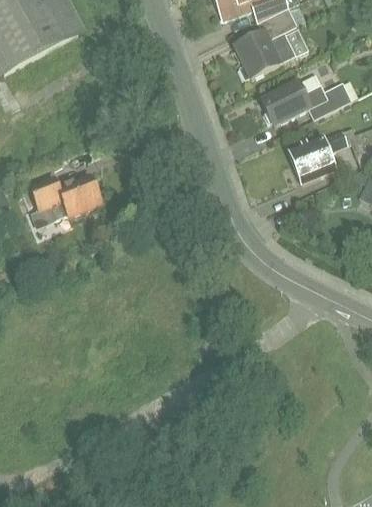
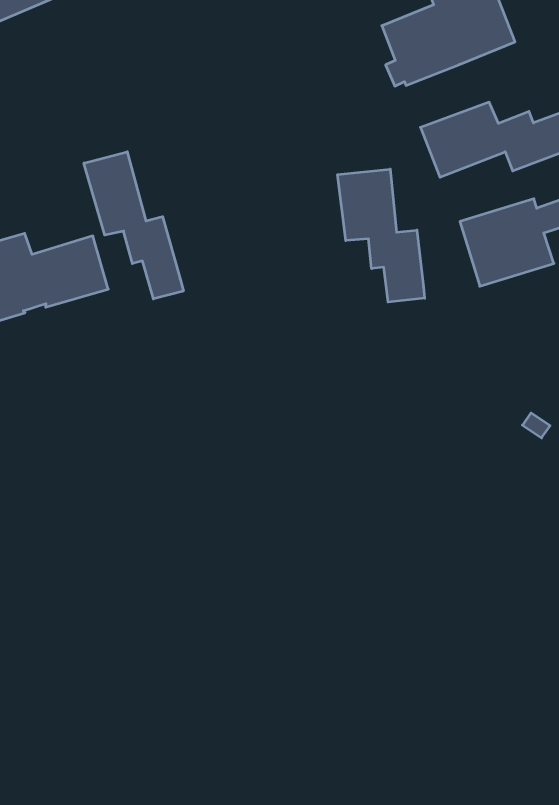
building: none -> [338,169,425,302]
building: none -> [84,152,183,299]

